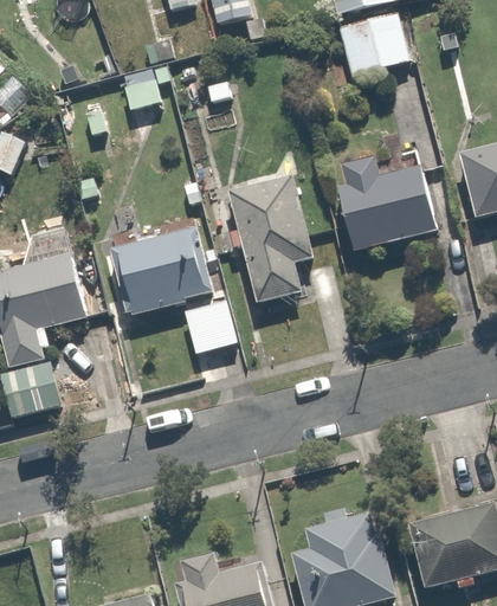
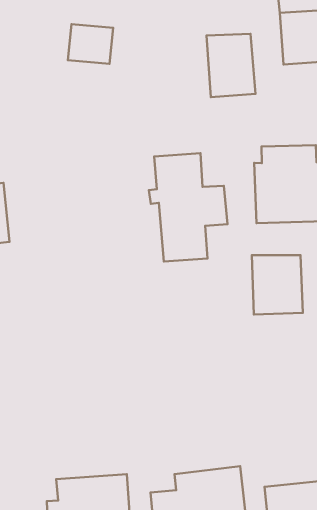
building: none -> [206,34,256,97]
building: [106,206,234,350] -> none
building: none -> [252,255,303,314]

